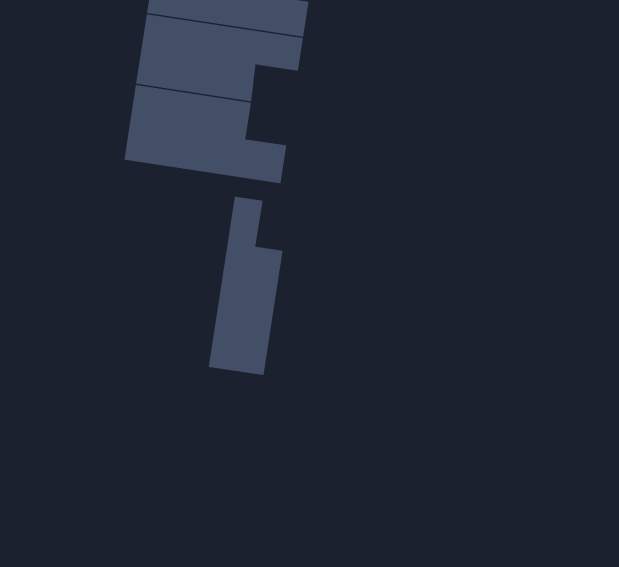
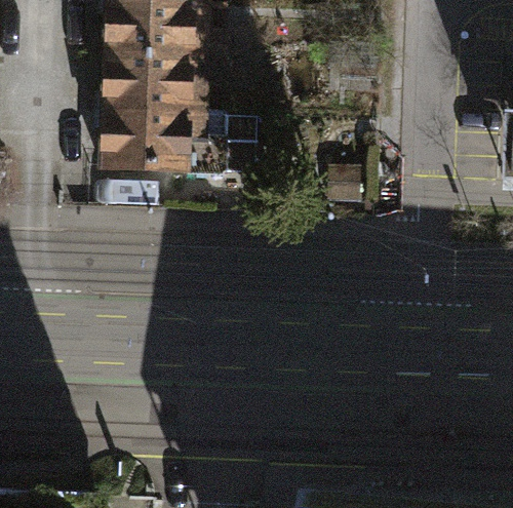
building: [208,196,283,376] -> none

